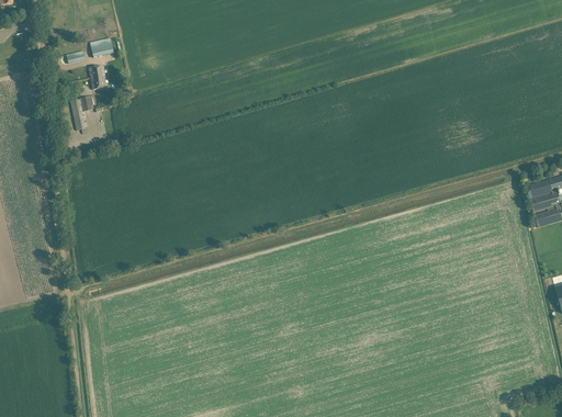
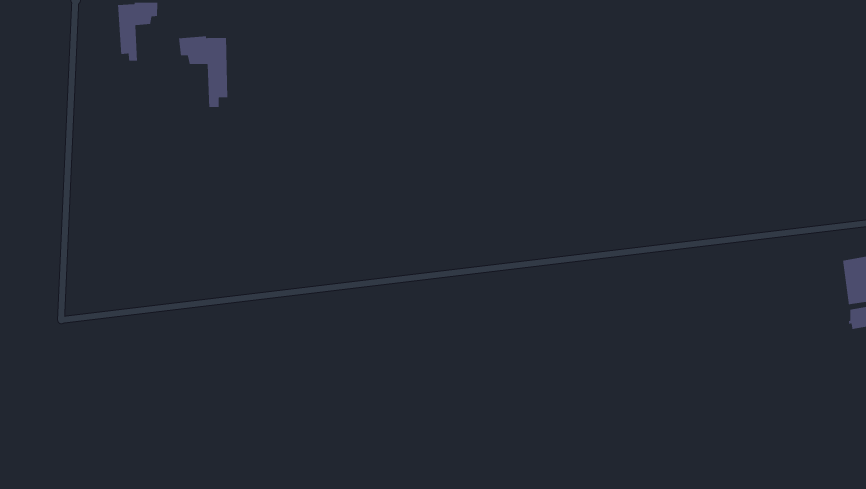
building: none -> [178,35,228,108]

